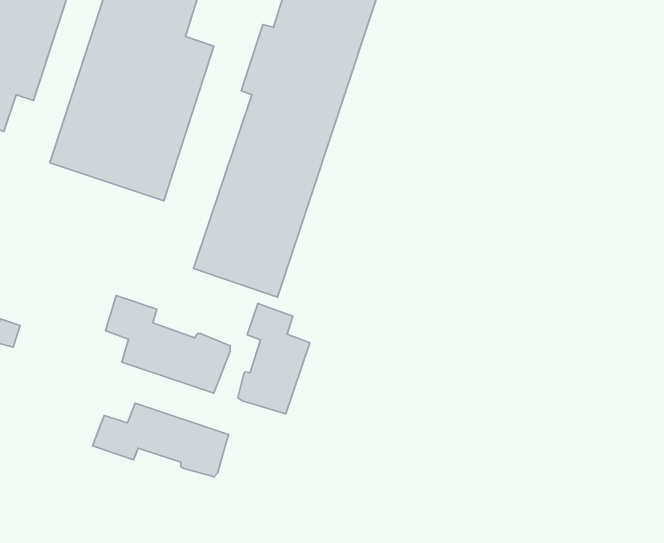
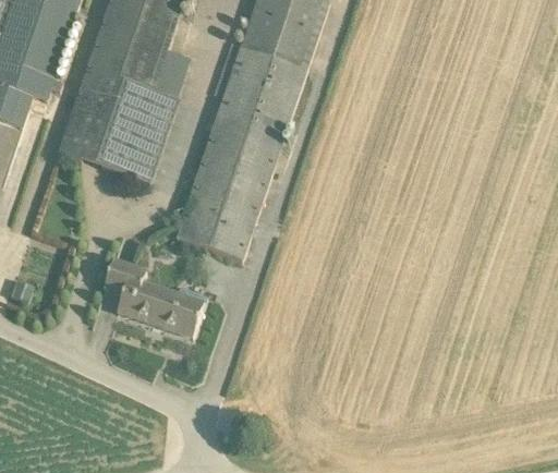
building: [238,304,310,414] -> none
building: [93,403,228,477] -> none

